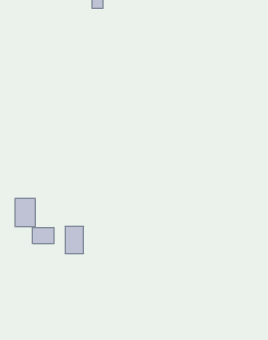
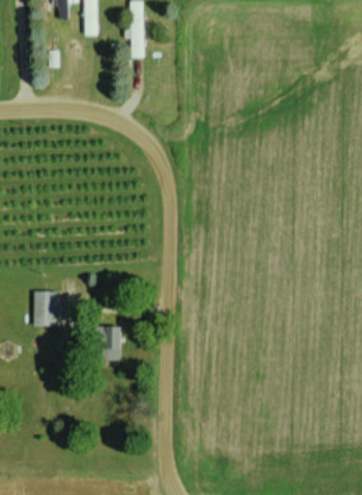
building: [33,227,54,244] -> none

